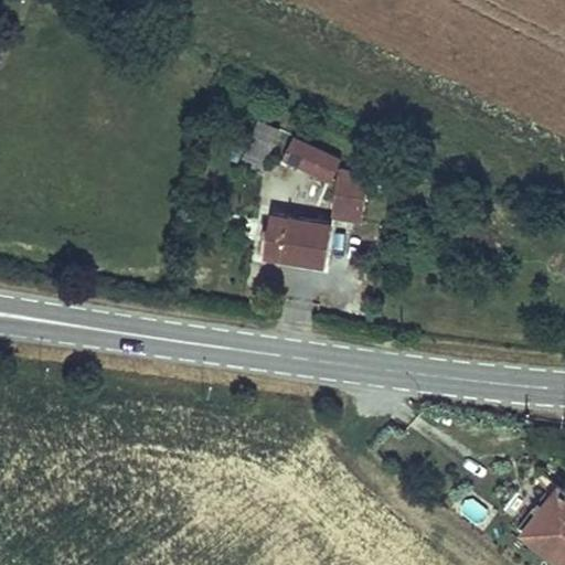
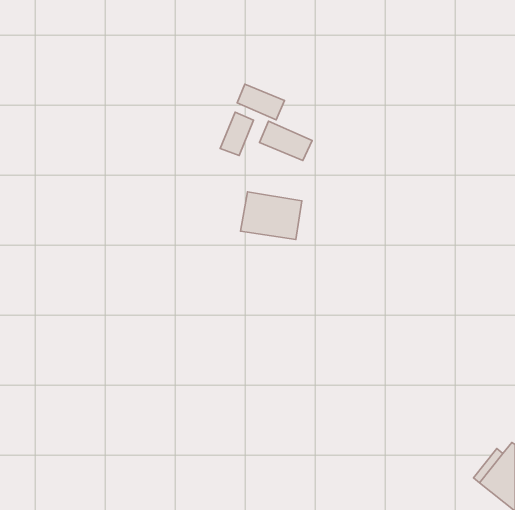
building: none -> [237,84,285,120]
building: [331,171,367,225] -> none

